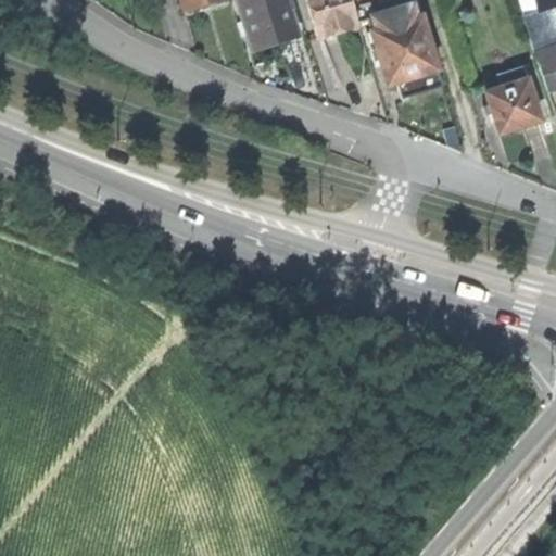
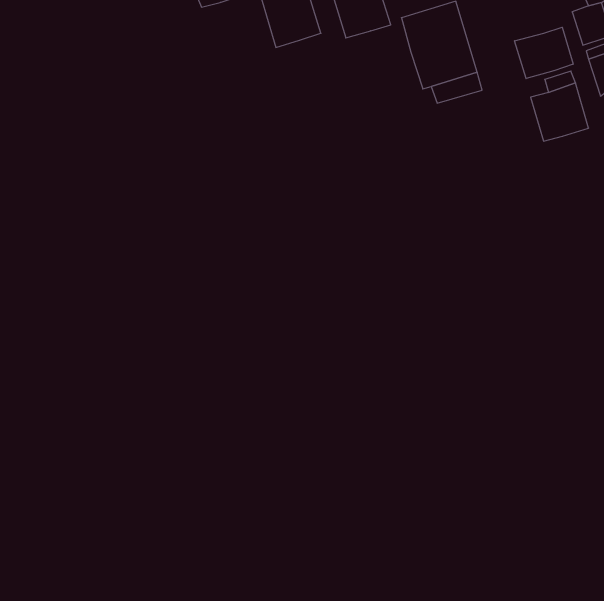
building: none -> [515,27,573,79]

